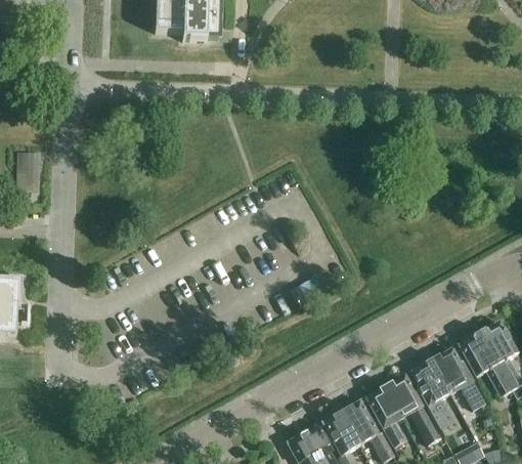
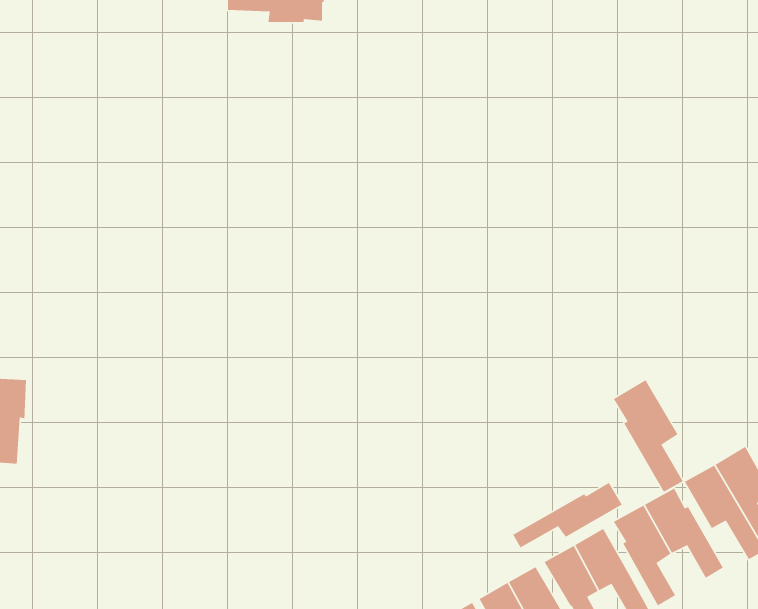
building: [15,151,40,192] -> none
building: none -> [613,379,684,493]
building: none -> [512,482,623,549]

